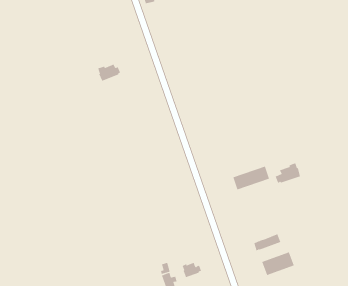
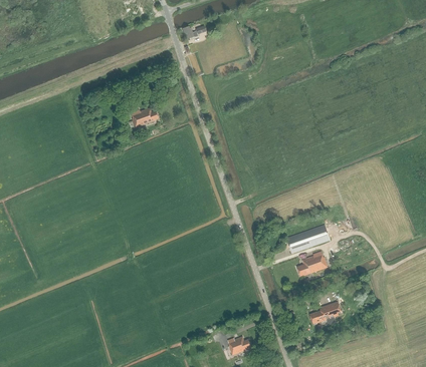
building: [275,162,301,183] -> [297,251,328,275]
building: [262,252,295,276] -> none

